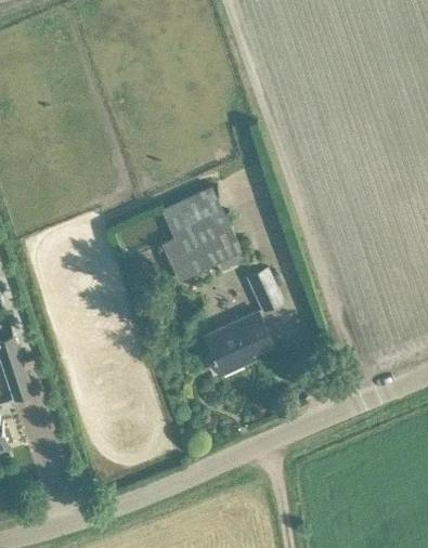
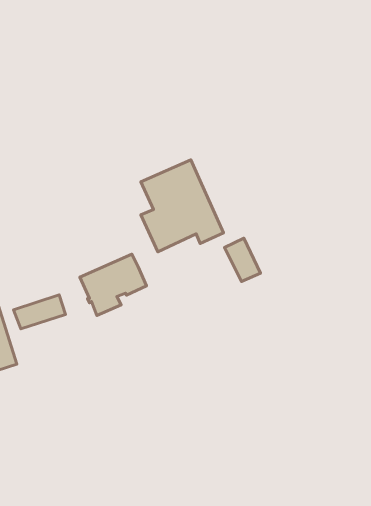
building: [203,312,271,375] -> [80,254,147,315]
building: none -> [13,295,66,329]

